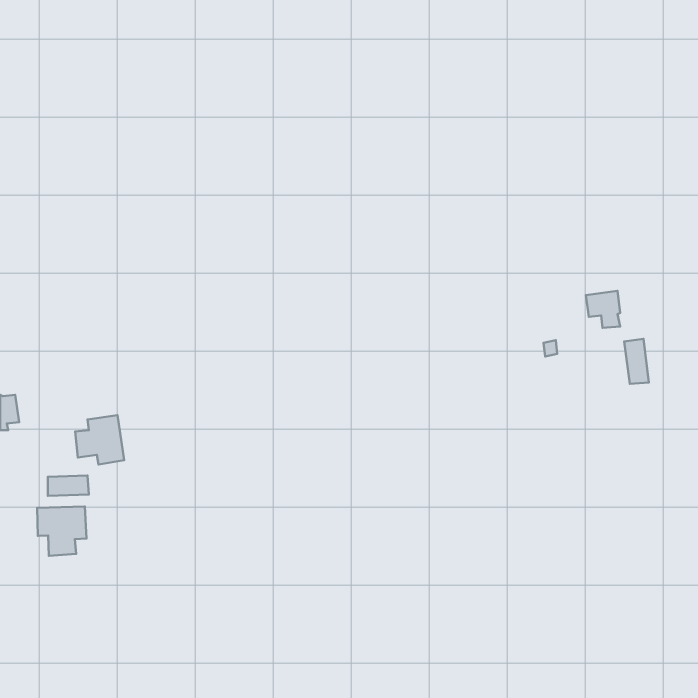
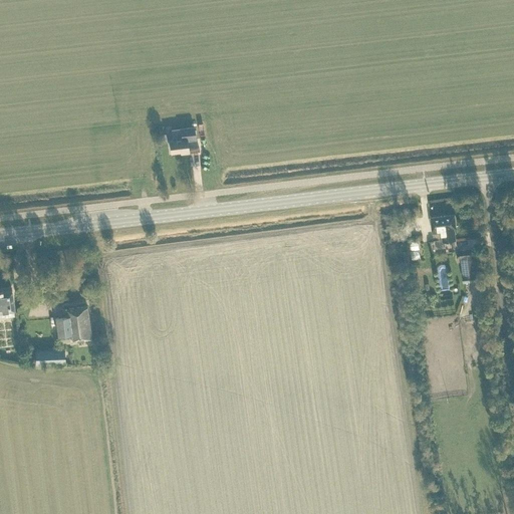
building: none -> [169,125,196,154]
building: [37,506,86,556] -> none

